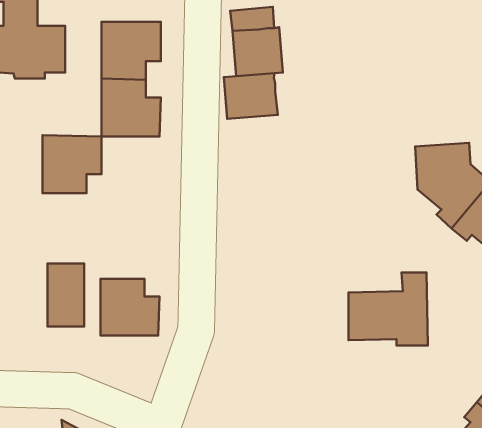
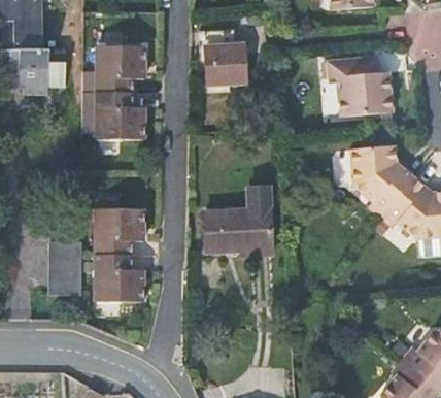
building: none -> [332,57,397,115]
building: [224,73,278,119] -> none
building: [42,135,102,193] -> [94,209,142,257]
building: [349,272,428,345] -> [206,197,271,257]

